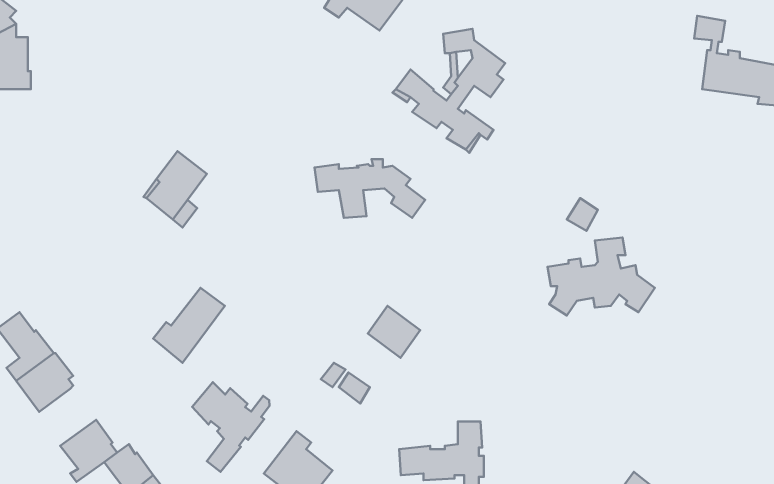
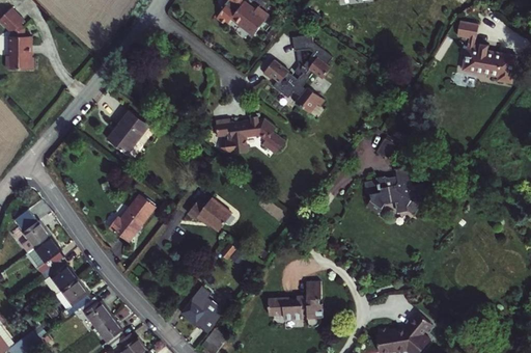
building: [368,306,420,358] -> [196,198,229,232]
building: [192,382,270,472] -> none
building: none -> [36,260,75,296]

